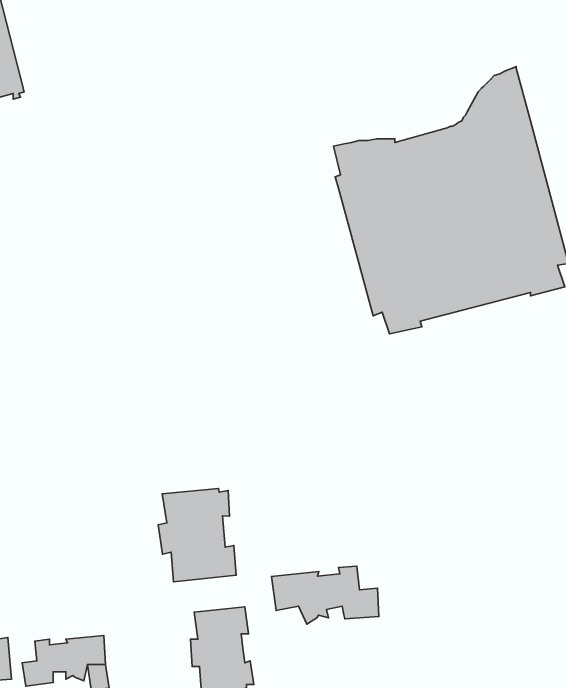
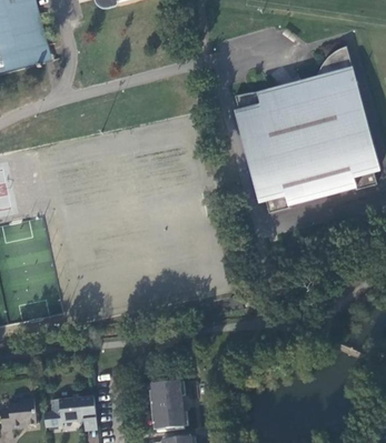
building: [158,488,236,582] -> none
building: [271,566,379,624] -> none

